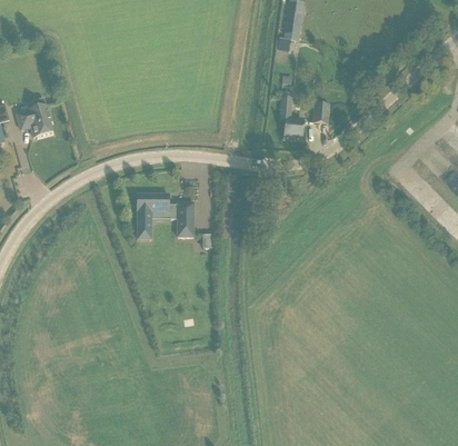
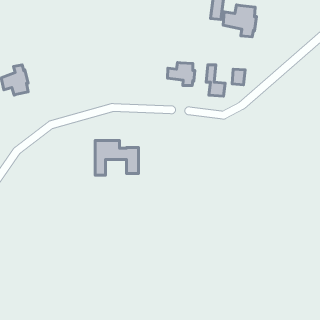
building: none -> [223,5,257,37]
building: none -> [168,63,195,86]

